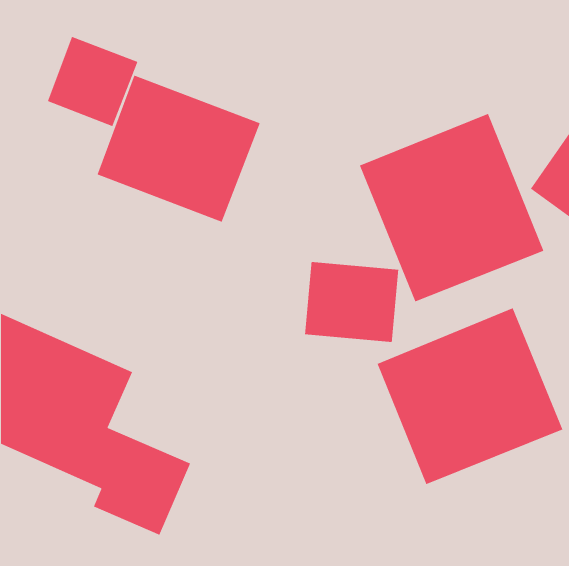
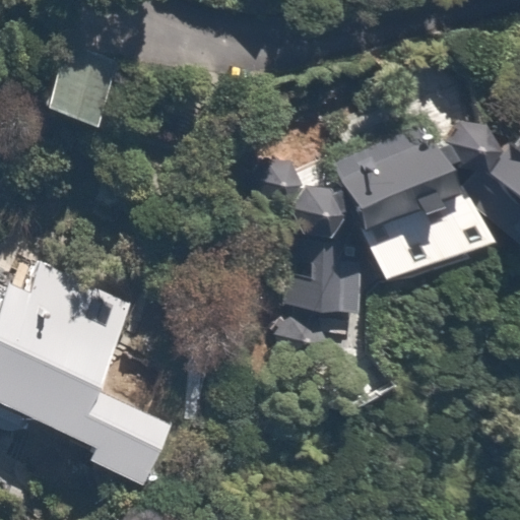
building: [97,75,261,223] -> none
building: [377,307,563,485] -> none

